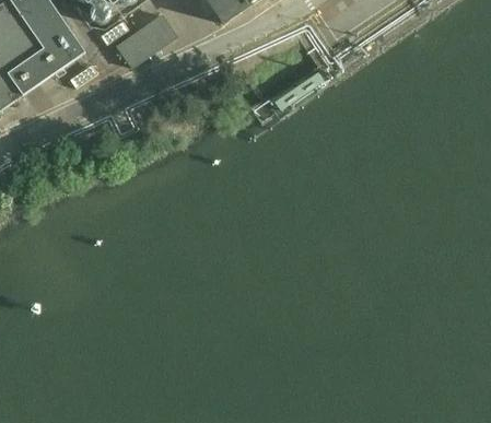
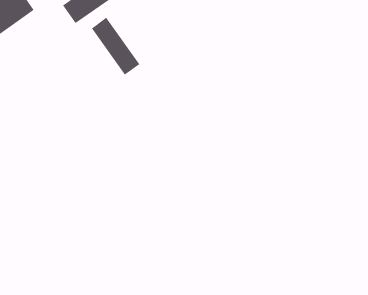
building: none -> [91,17,140,76]

